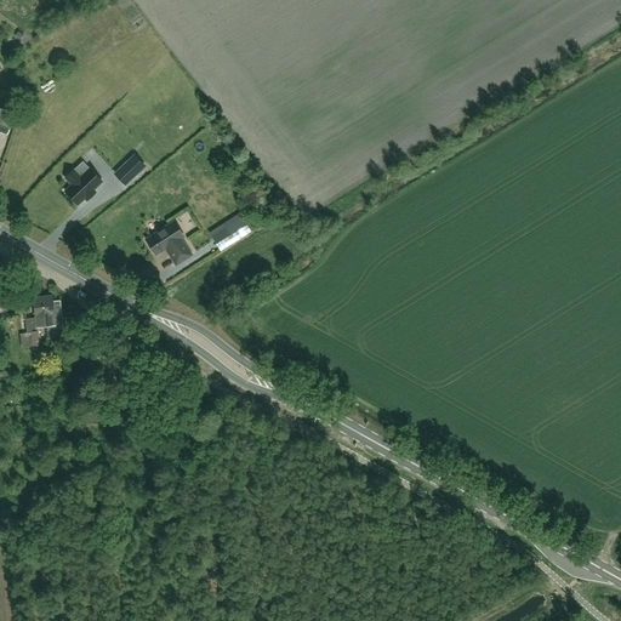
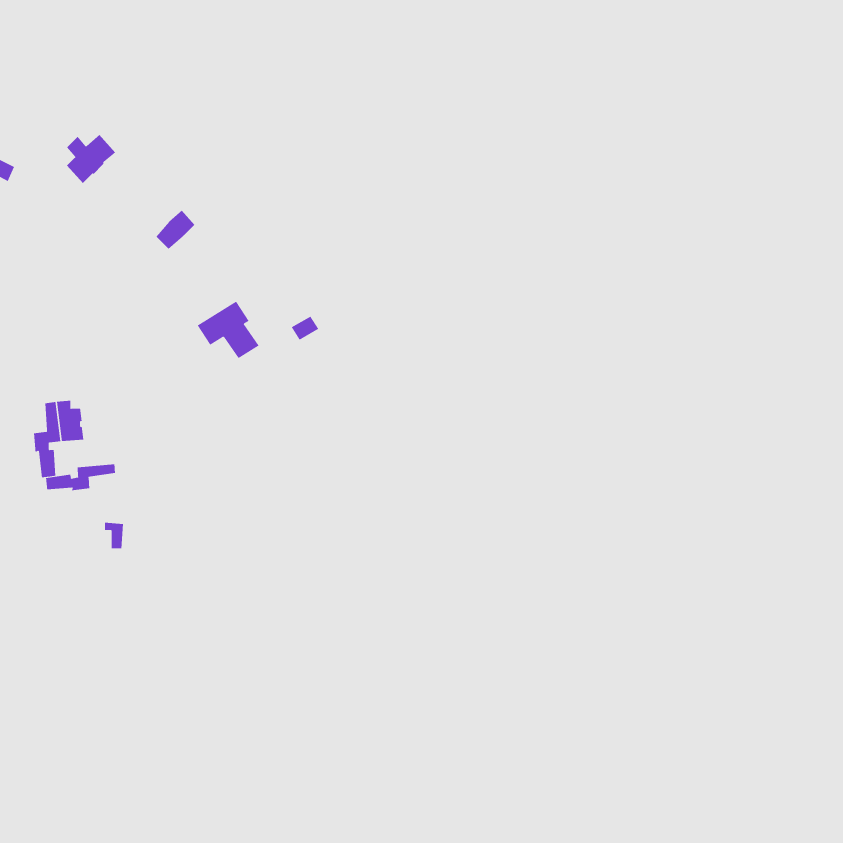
building: [64,167,101,204] -> [66,134,116,184]
building: none -> [46,464,116,491]

